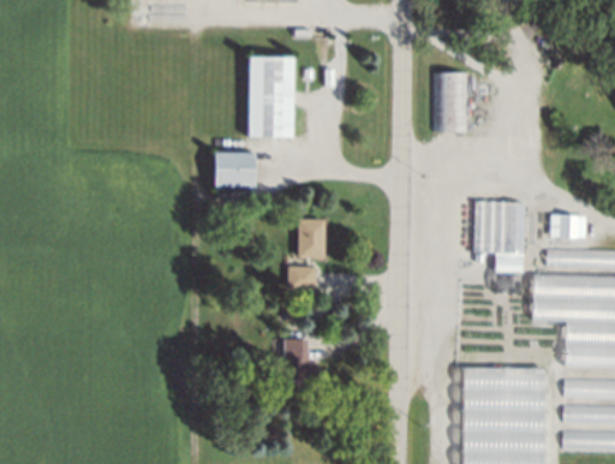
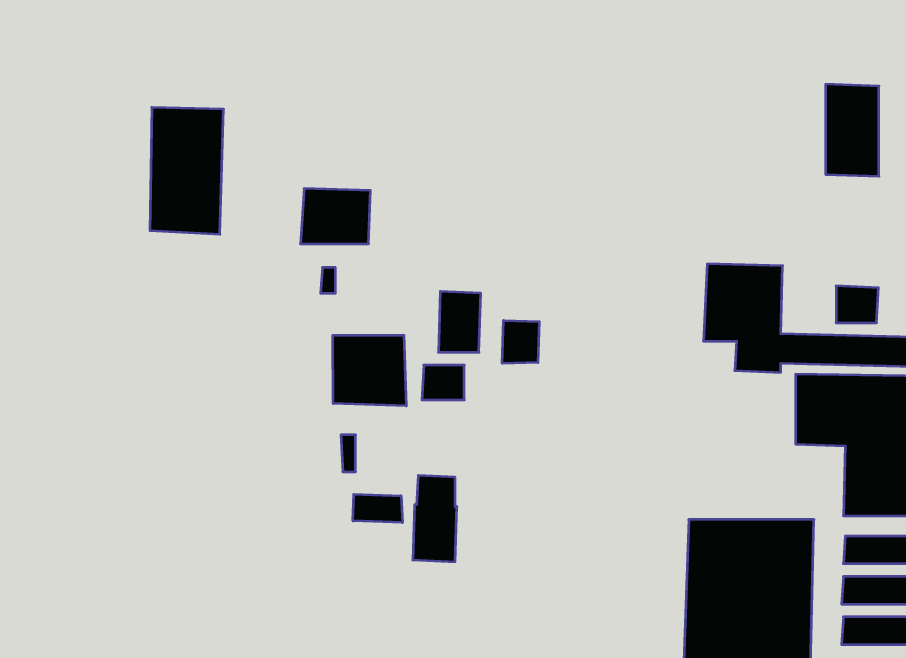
building: [247,54,295,137] -> [150,107,224,234]
building: [435,71,470,131] -> [826,84,879,176]
building: none -> [502,320,539,363]
building: none -> [333,335,406,406]
building: none -> [353,494,402,523]

